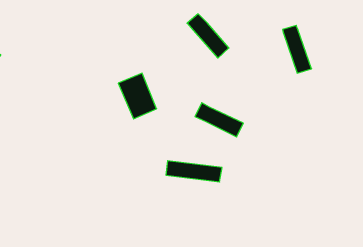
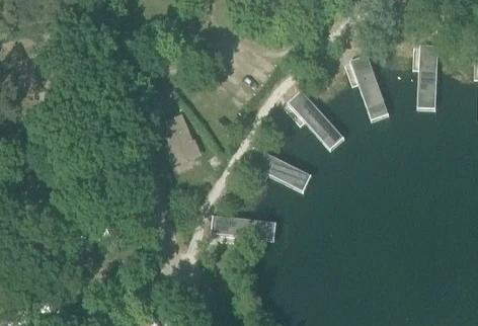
building: [187,14,229,58] -> [288,90,337,143]
building: none -> [420,44,440,99]

